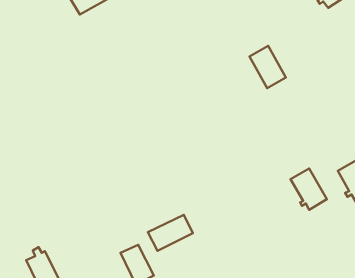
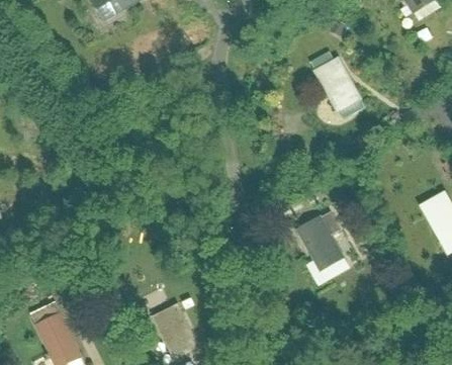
building: [290,169,327,210] -> [297,215,343,267]
building: [148,215,193,251] -> none

